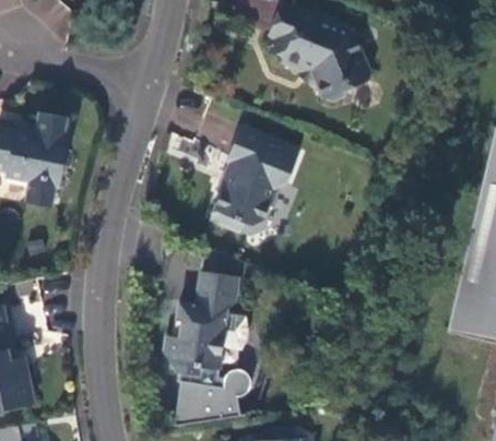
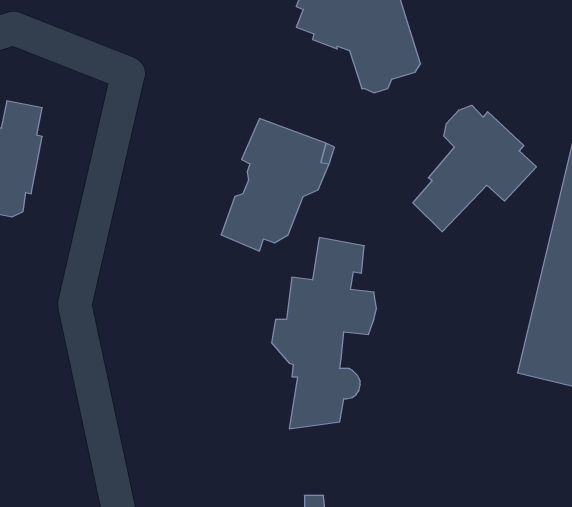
building: none -> [413,105,536,232]
building: [165,271,249,424] -> [271,238,377,429]

